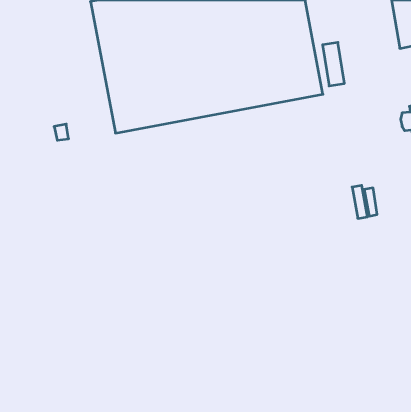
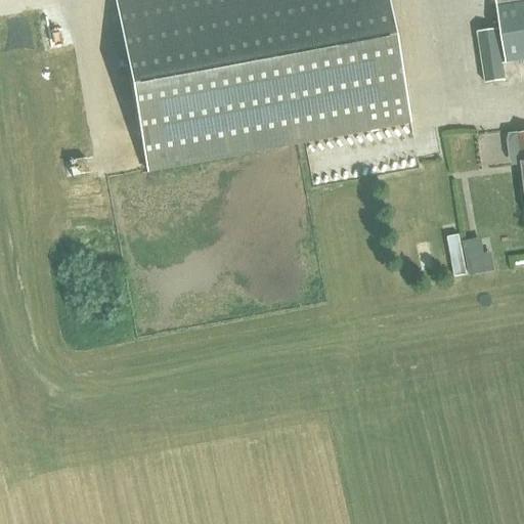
building: [323,42,344,86] -> [480,29,508,84]

